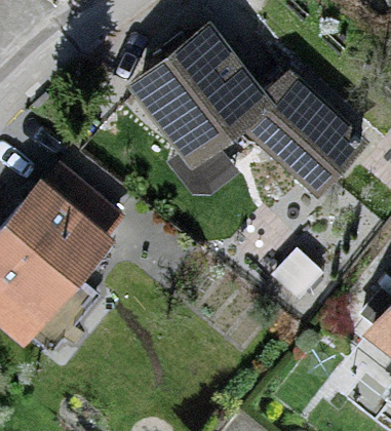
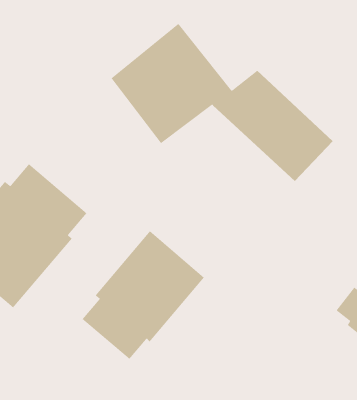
building: none -> [81,230,205,360]

